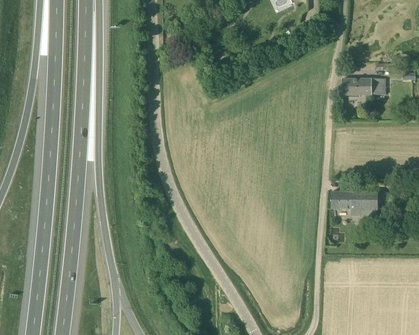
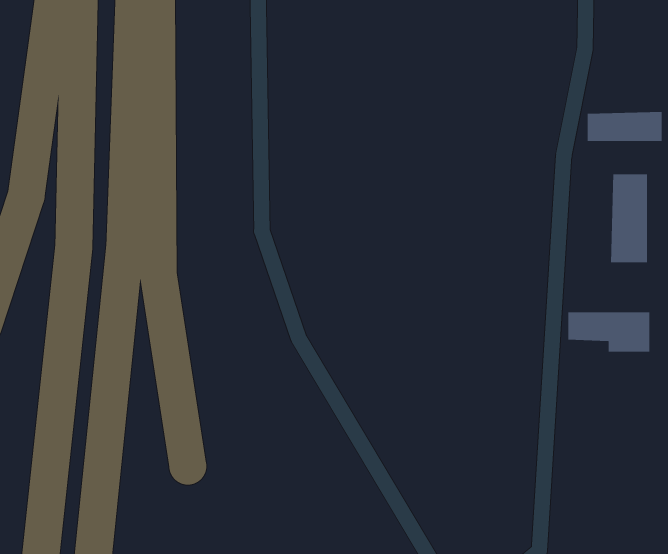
building: none -> [611,173,648,263]

